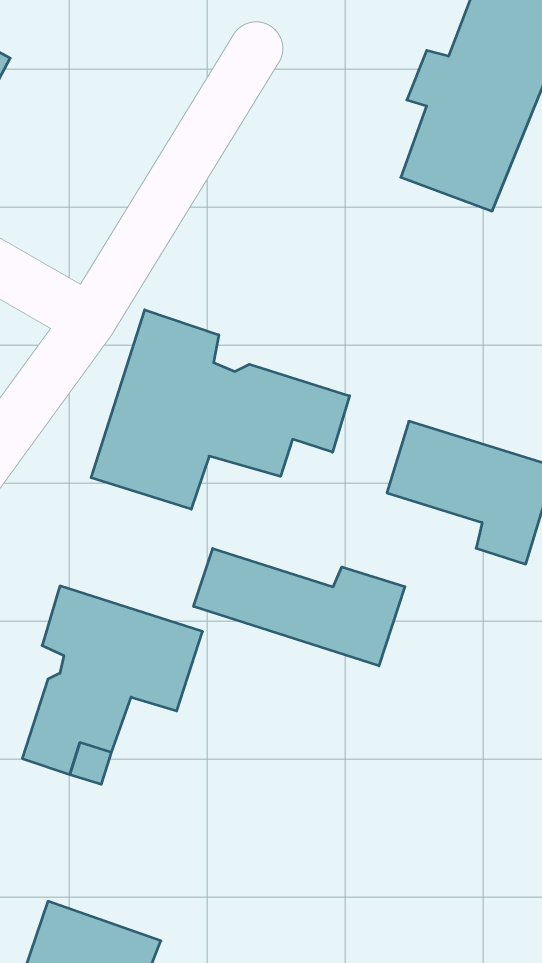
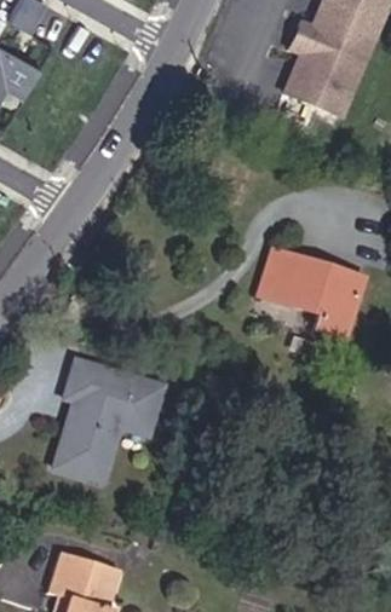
building: [91,310,350,509] -> none
building: [194,548,405,666] -> none

